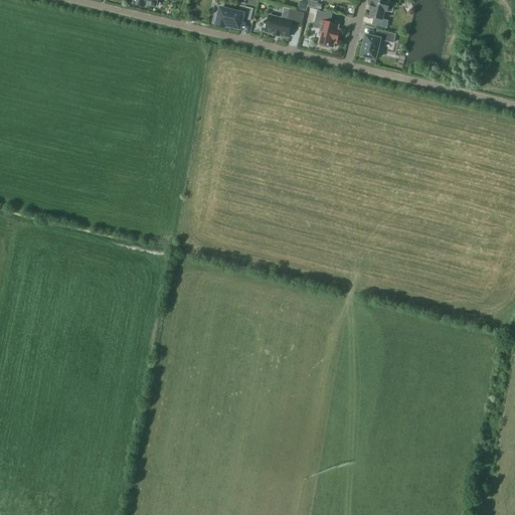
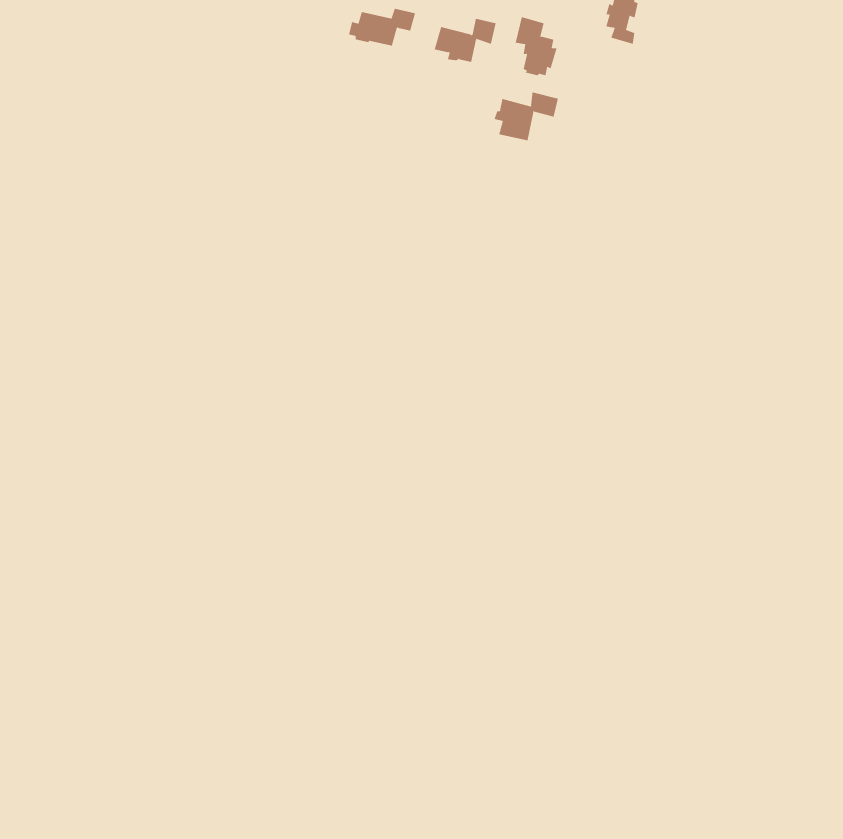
building: [360,29,395,59] -> none
building: none -> [494,91,559,141]

